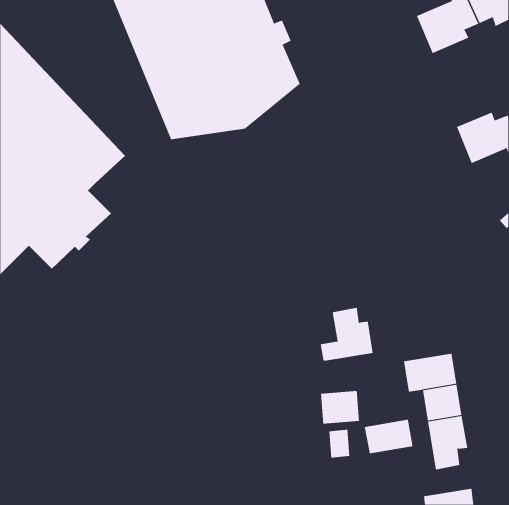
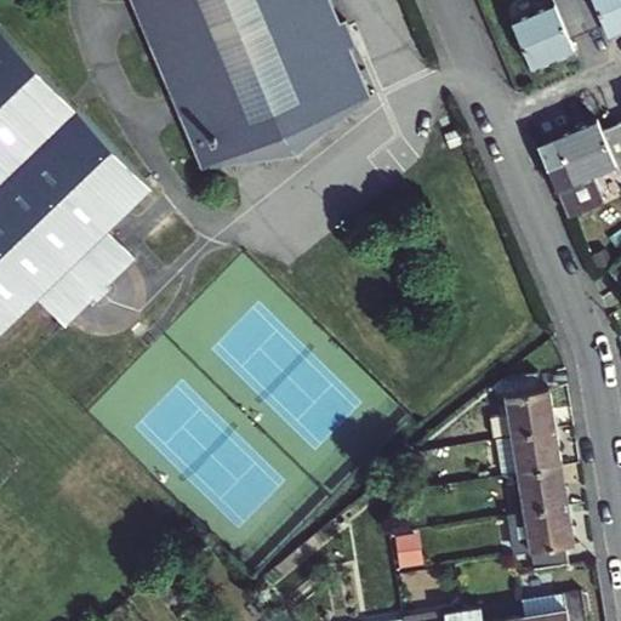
building: [320,307,374,361] -> [484,374,549,439]
building: [321,390,360,425] -> none
building: [364,419,413,454] -> none

